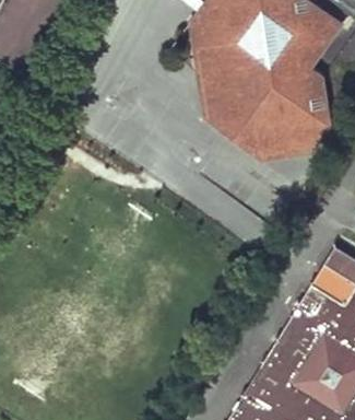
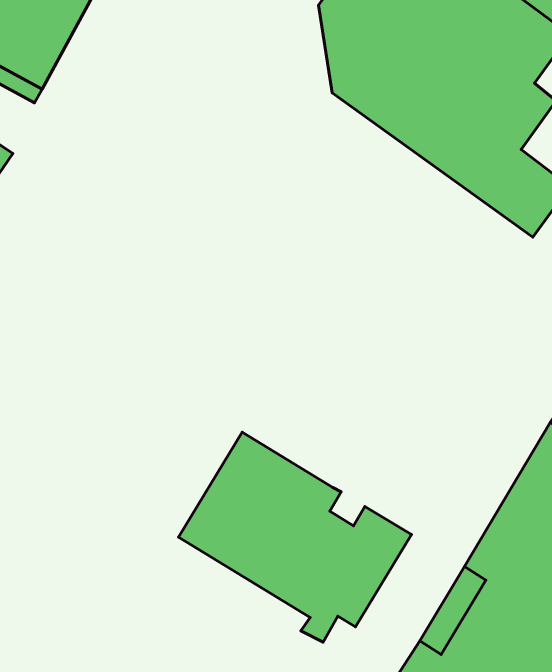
building: [200,73,312,163] -> none
building: none -> [179,432,411,642]

